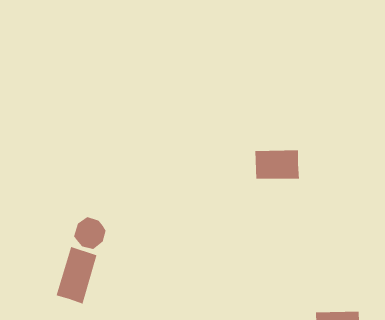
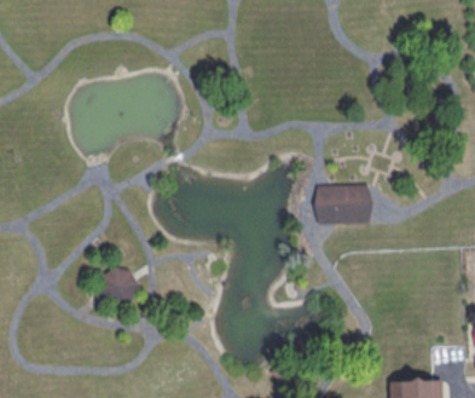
building: [56,246,97,305] -> none

